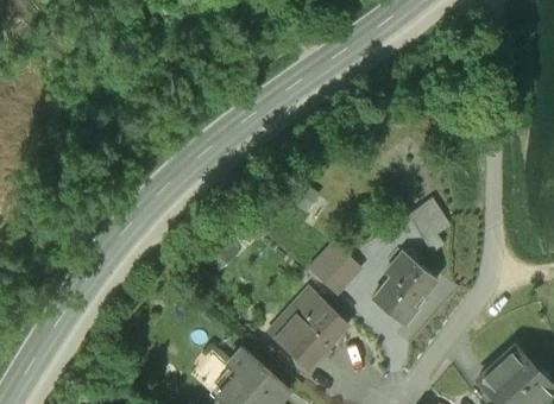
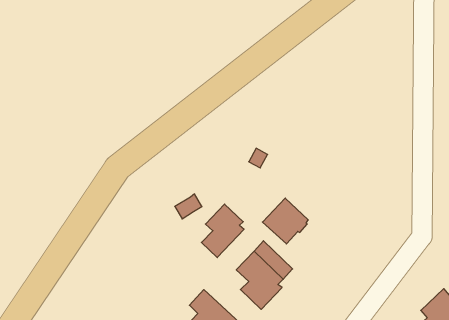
building: [408,197,449,252] -> none
building: none -> [201,204,244,258]
building: [372,252,437,326] -> none

